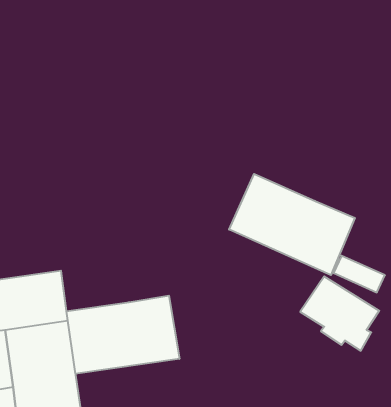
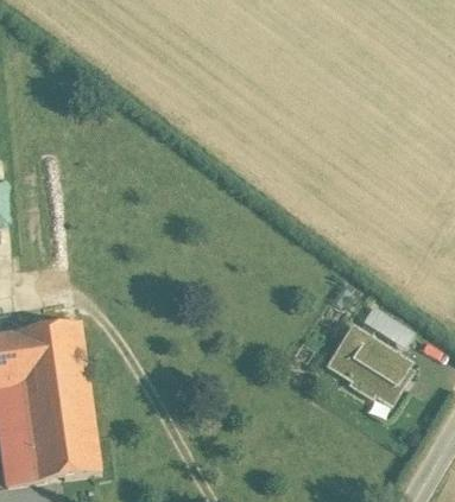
building: [229,174,355,275] -> none
building: [67,296,179,374] -> none

